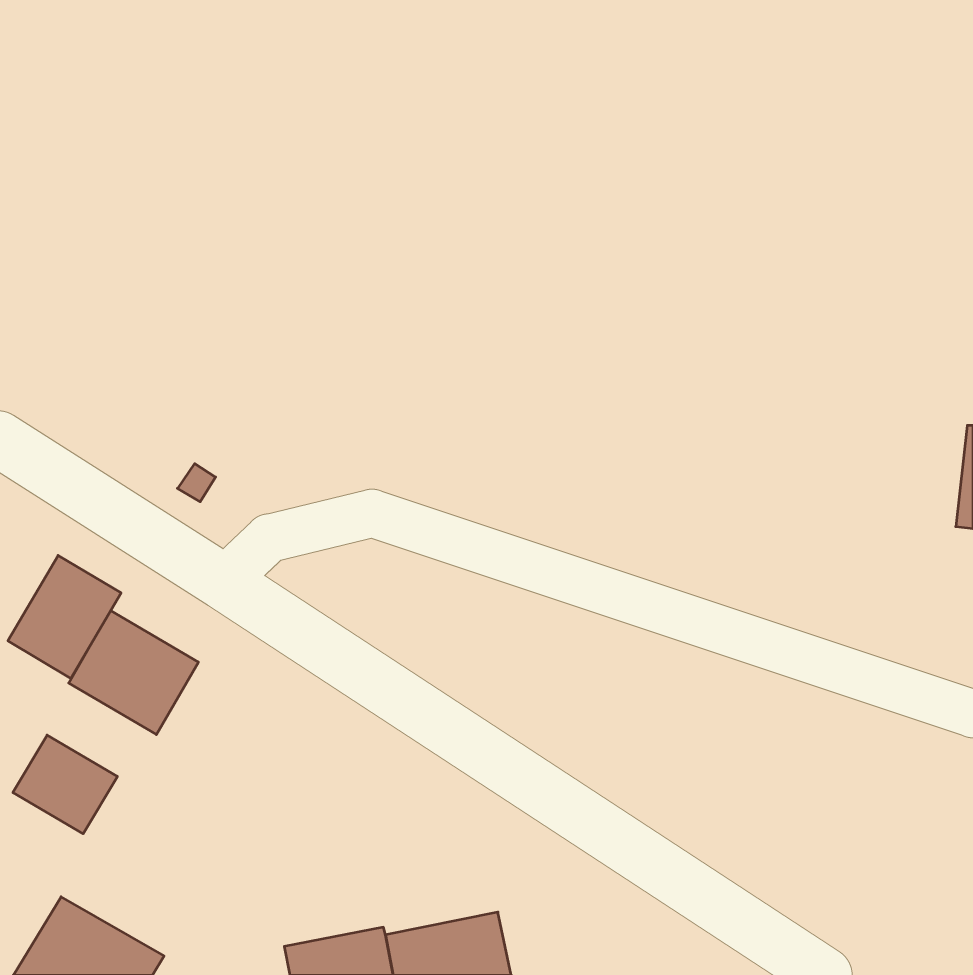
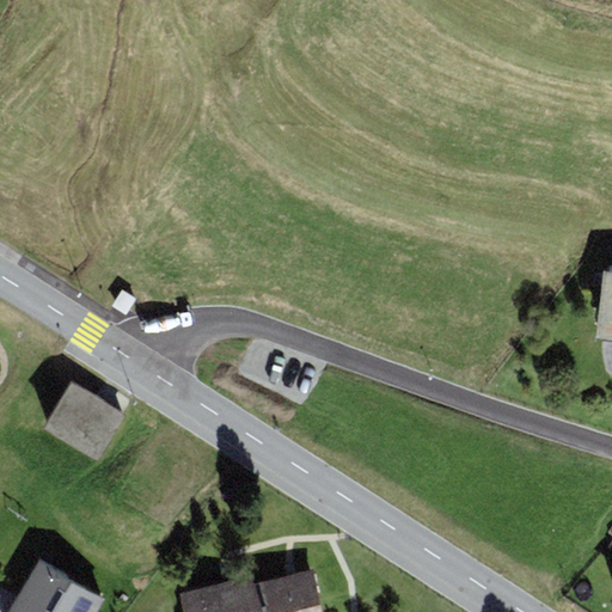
building: [8,555,121,678] -> none
building: [13,735,117,834] -> none

